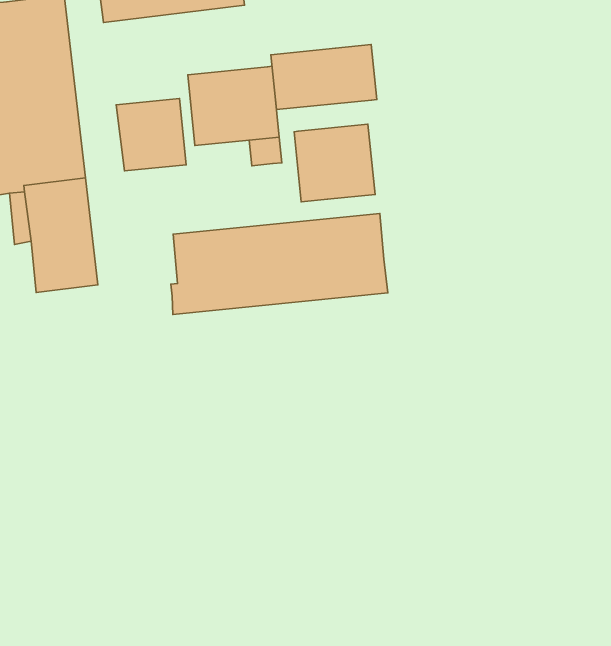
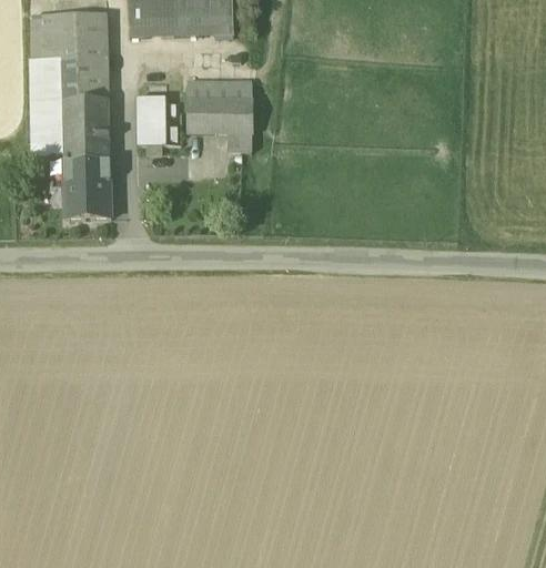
building: [271,45,377,110] -> none
building: [294,124,375,202] -> none
building: [171,213,388,314] -> none

